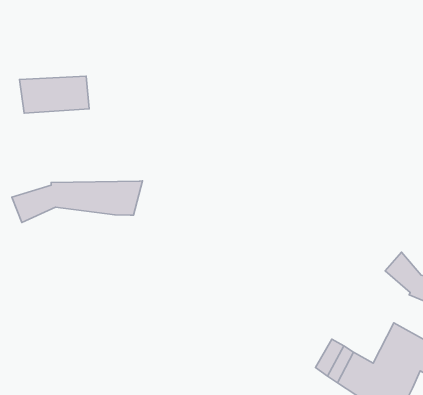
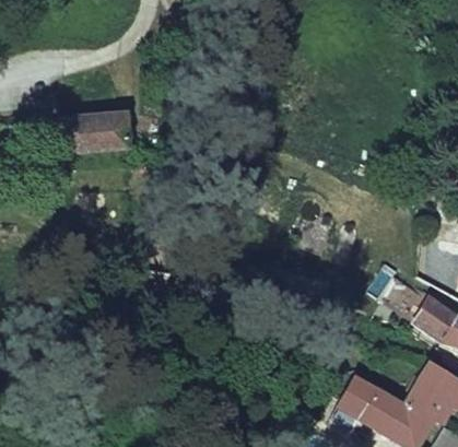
building: [12,181,143,223] -> none

